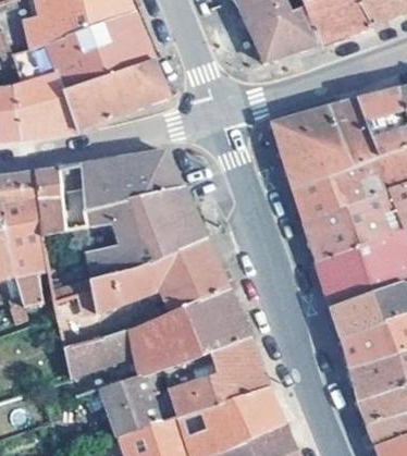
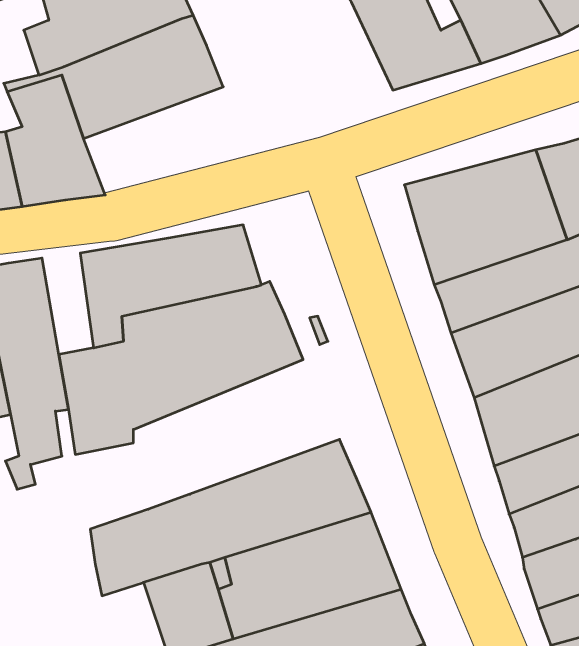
building: [61,59,169,130] -> none
building: [34,168,67,234] -> none
building: [56,237,229,348] -> none

